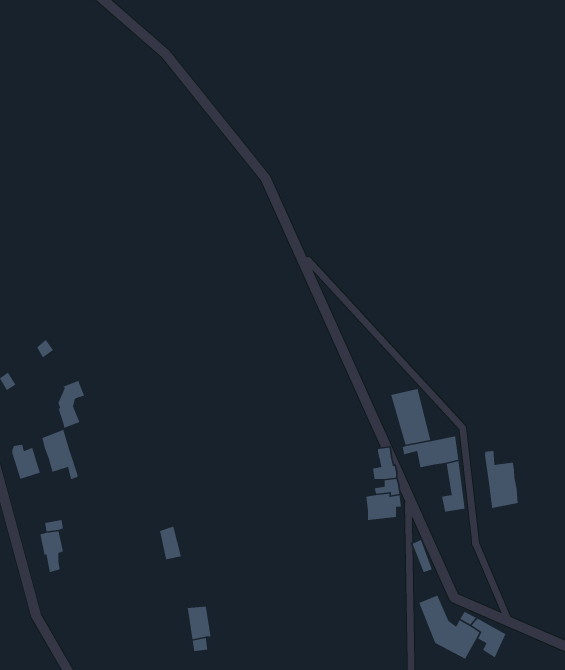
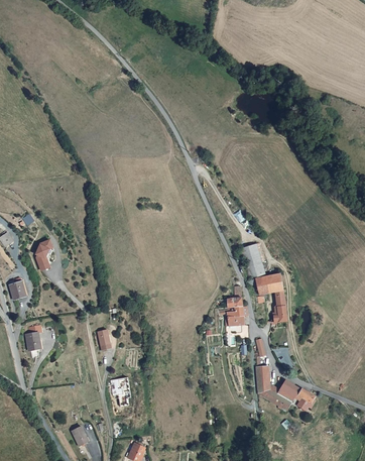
building: [41,429,78,480] -> none
building: [484,450,519,509] -> none

